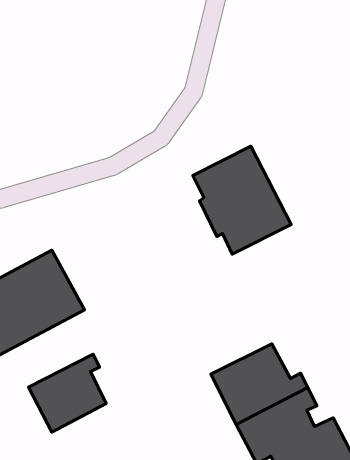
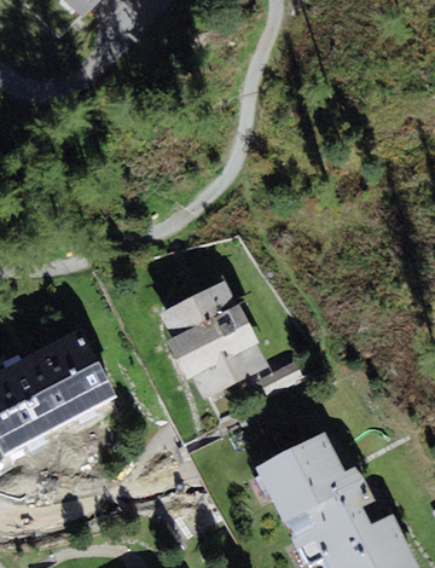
building: [193,146,291,254] -> [159,280,268,400]
building: [28,354,106,432] -> none

